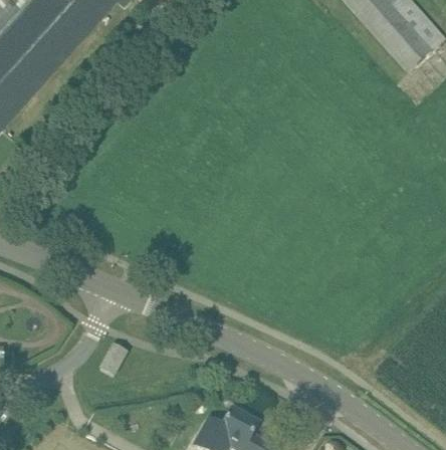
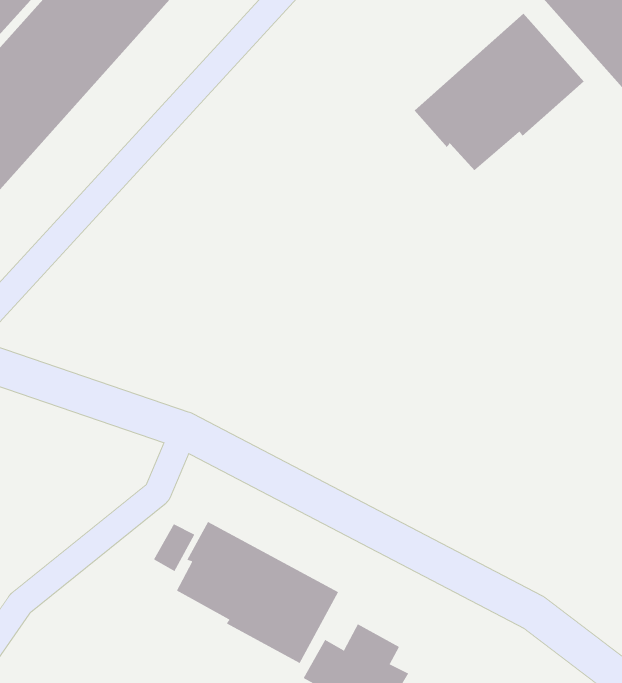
building: none -> [414,13,585,171]
building: none -> [176,521,339,664]

